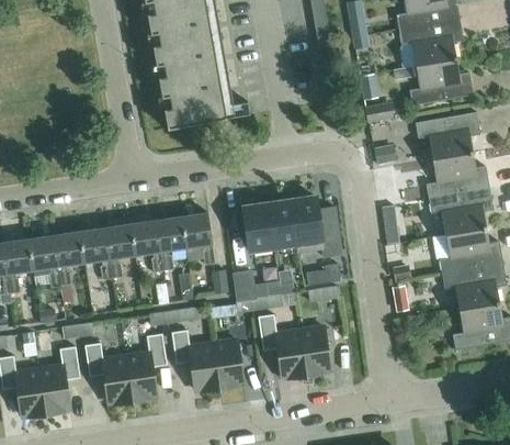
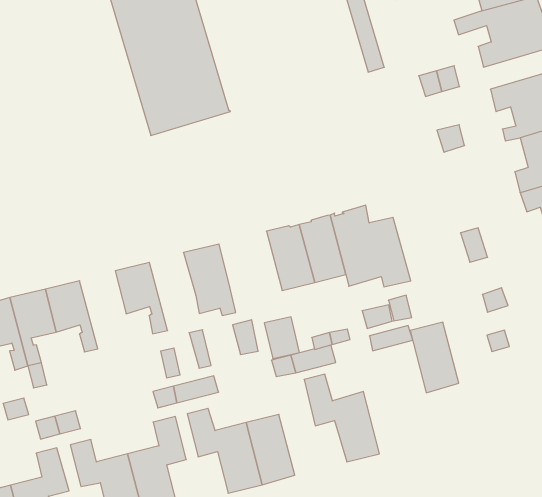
building: [156,215,186,270] -> none
building: [104,223,135,278] -> none
building: [299,326,330,376] -> [410,322,459,393]

